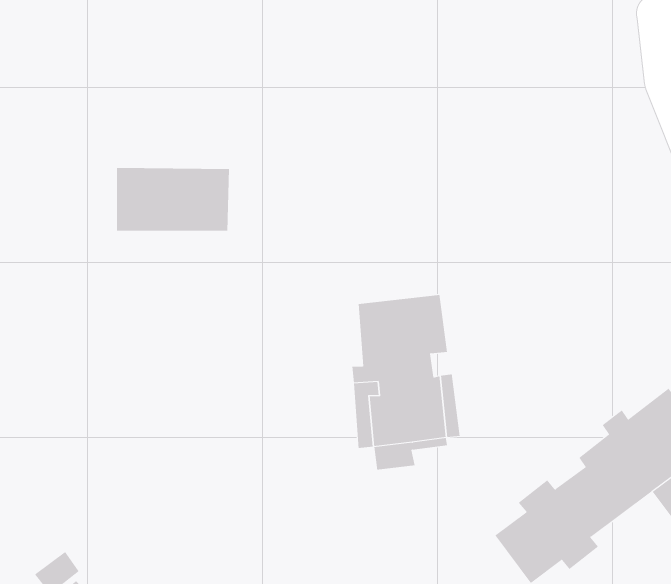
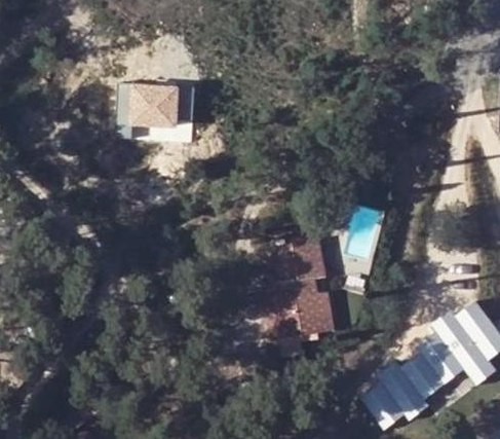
building: [116,167,230,231] -> [116,82,191,124]

